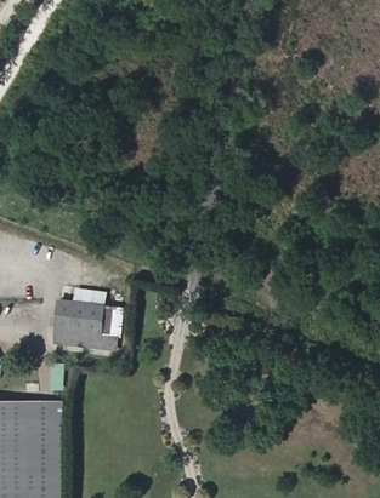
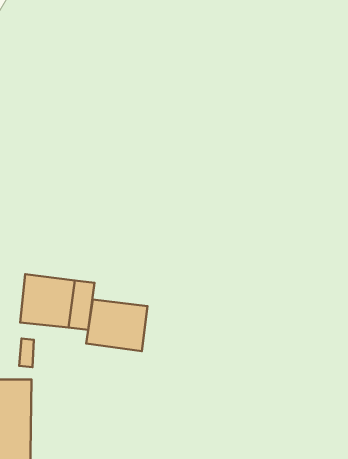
building: none -> [86,300,148,351]

